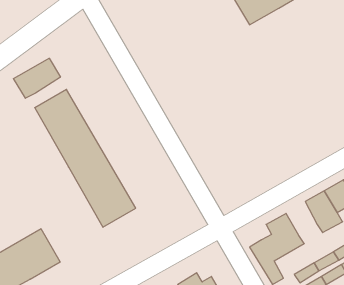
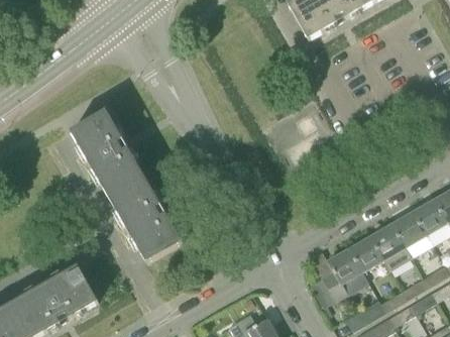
building: [13,58,60,98] -> none
building: none -> [349,236,383,273]

